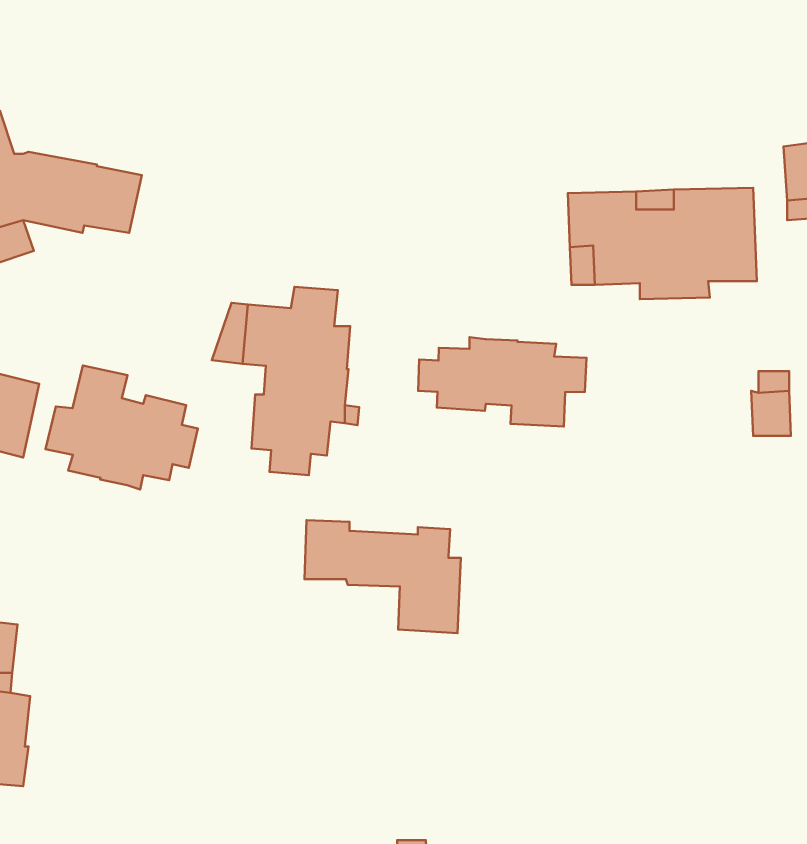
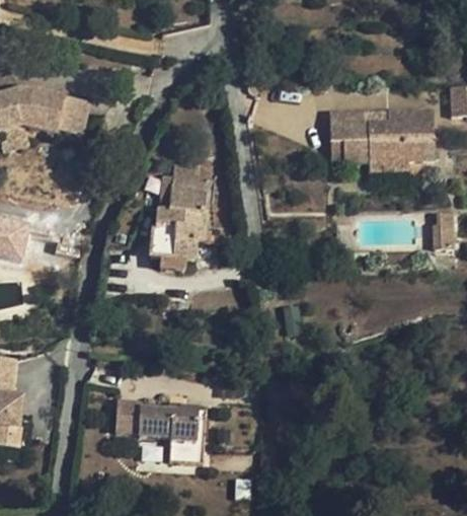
building: [418,337,586,426] -> none
building: [46,365,198,490] -> none
building: [305,520,461,633] -> [115,398,204,462]

